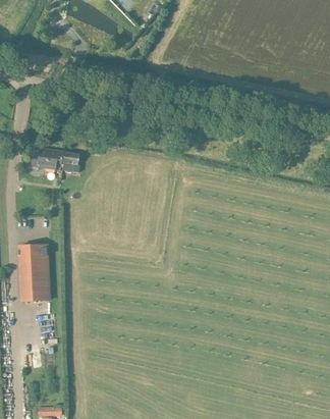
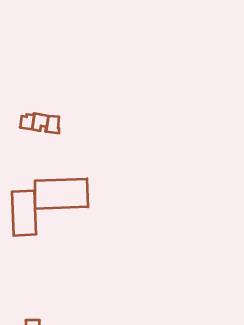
building: none -> [35,179,88,209]

